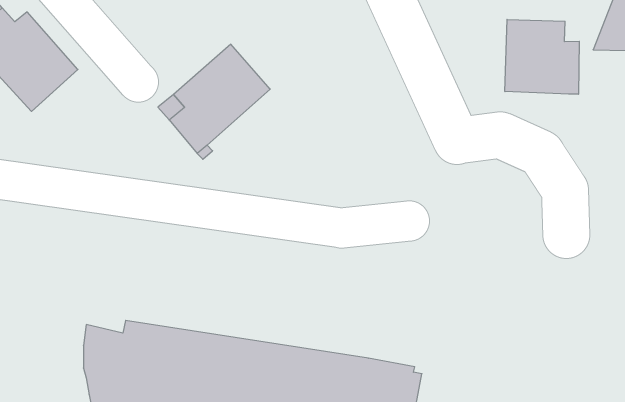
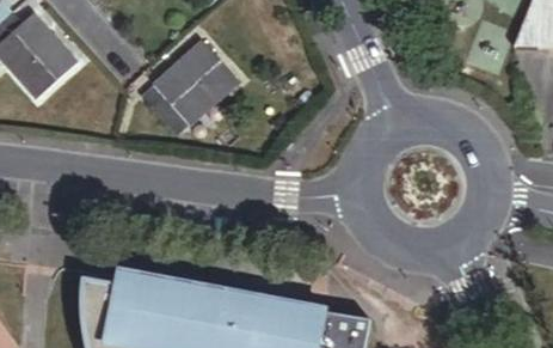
building: [505,19,579,94] -> none

